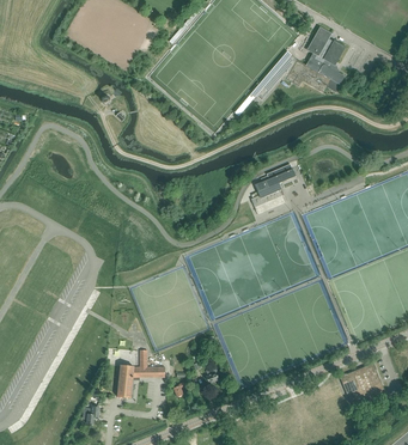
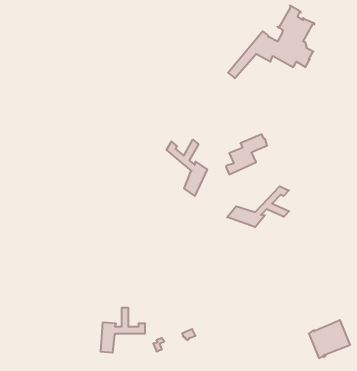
building: none -> [167,140,207,196]
building: none -> [227,186,289,227]

